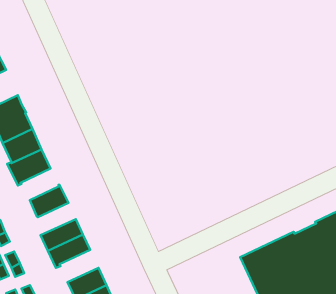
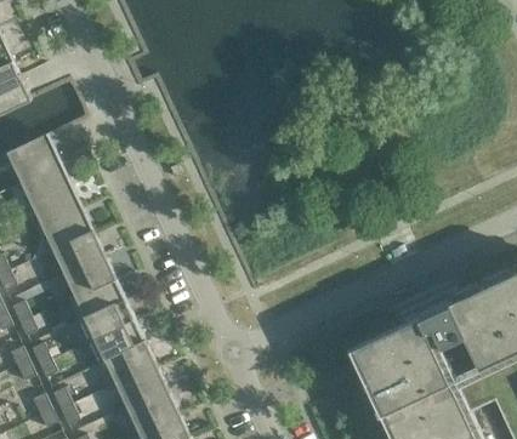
building: none -> [52,232,103,274]
building: none -> [69,278,126,321]
building: none -> [104,341,157,384]

